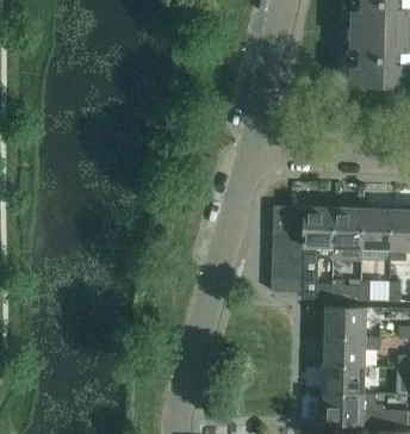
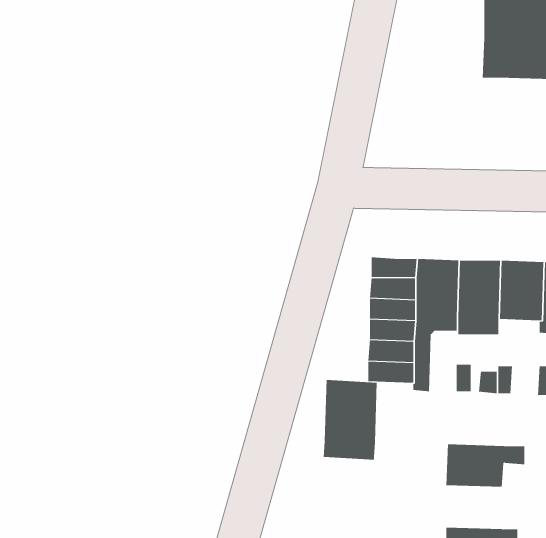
building: none -> [323,379,377,461]
building: [325,305,366,336] -> none
building: [324,364,364,393] -> none

